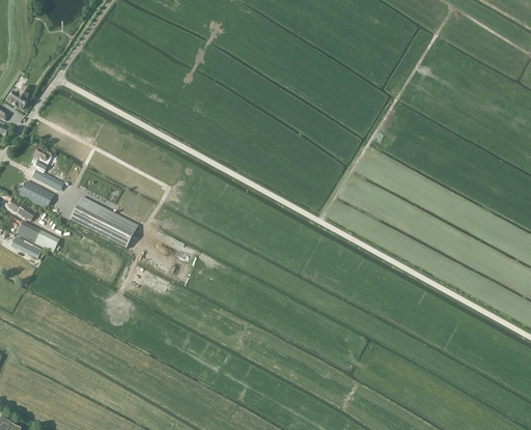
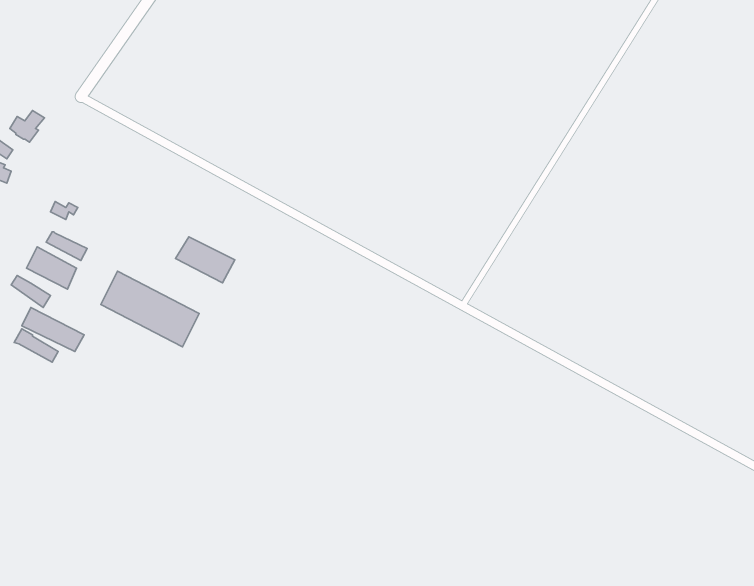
building: none -> [176,237,235,283]

